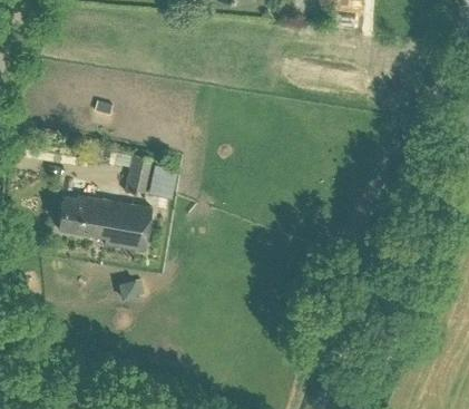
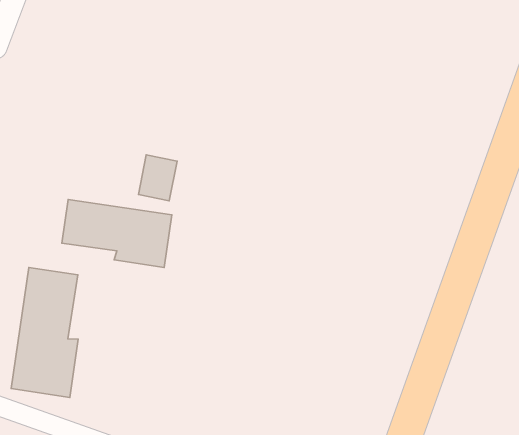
building: none -> [11,268,78,397]

